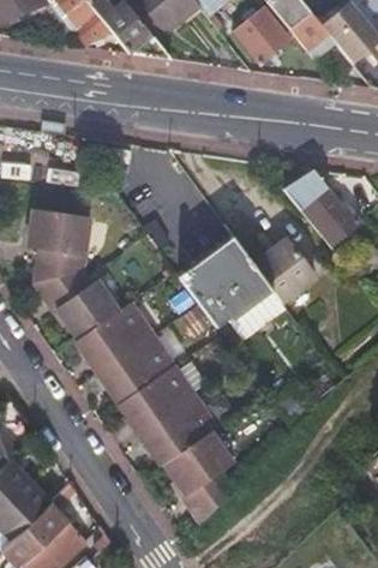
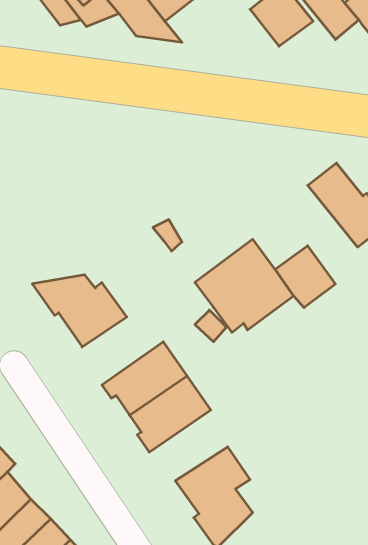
building: [28,208,92,281] -> none
building: [80,303,155,373] -> none
building: [142,396,218,461] -> none

